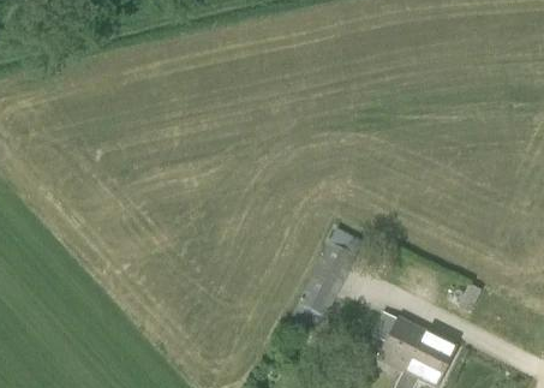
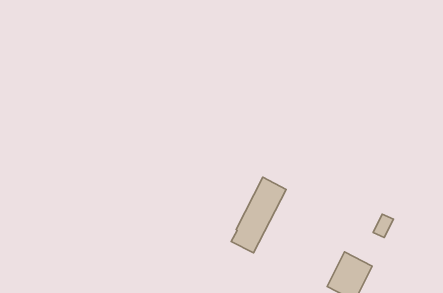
building: [373,311,424,369] -> none

